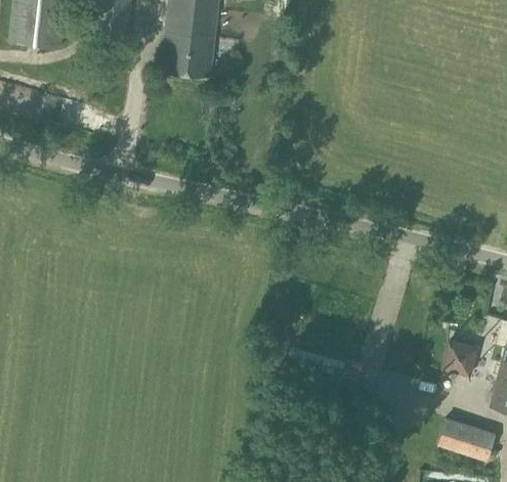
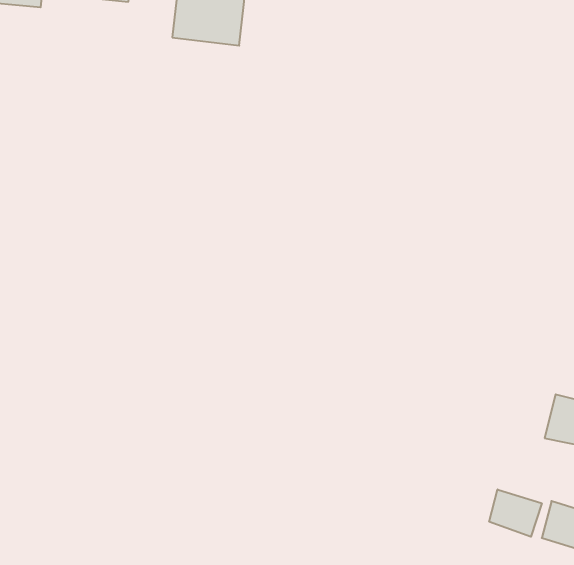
building: none -> [489,489,542,537]

